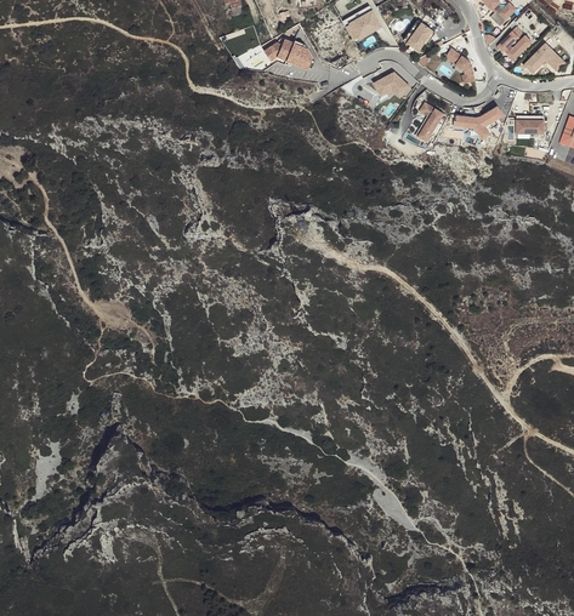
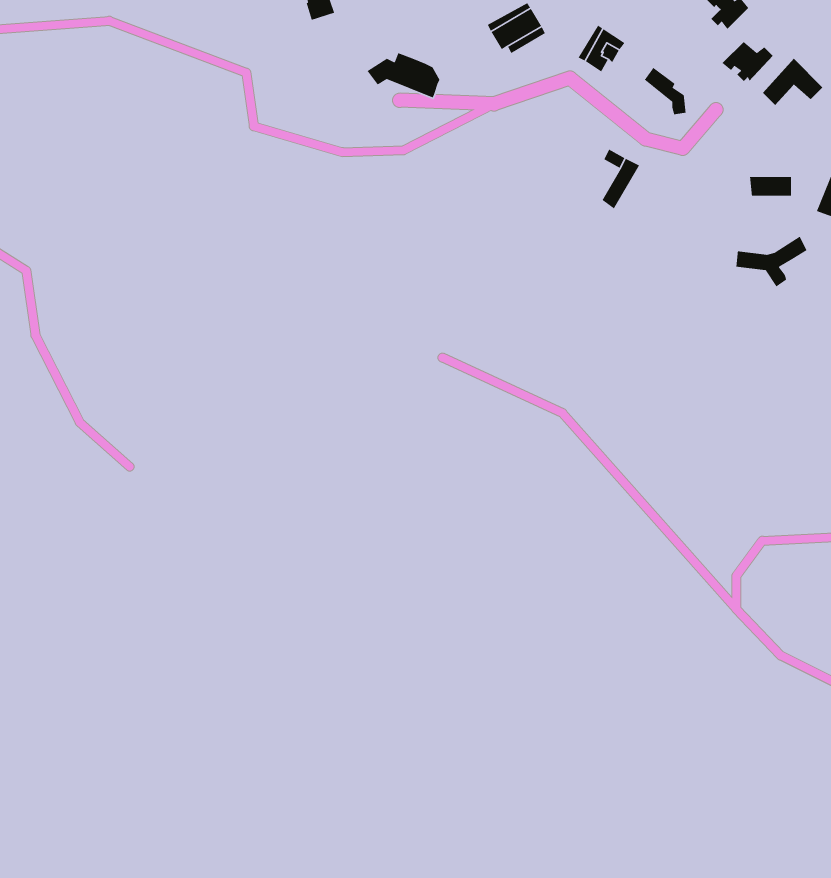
building: [370,73,410,98] -> none
building: [454,105,501,139] -> [735,236,808,287]

